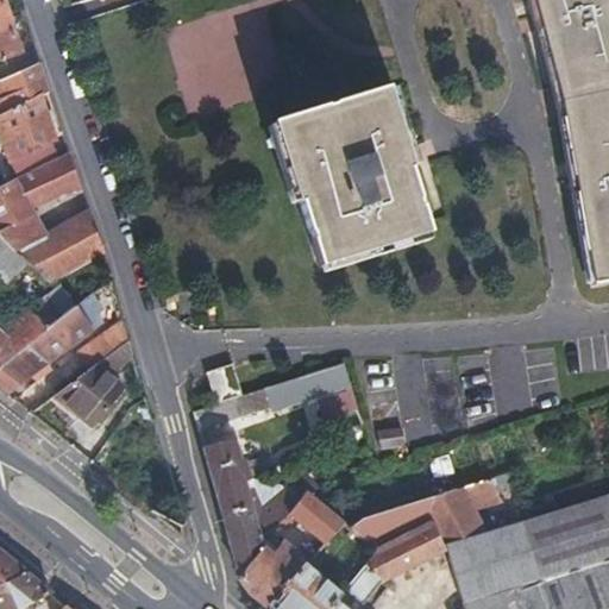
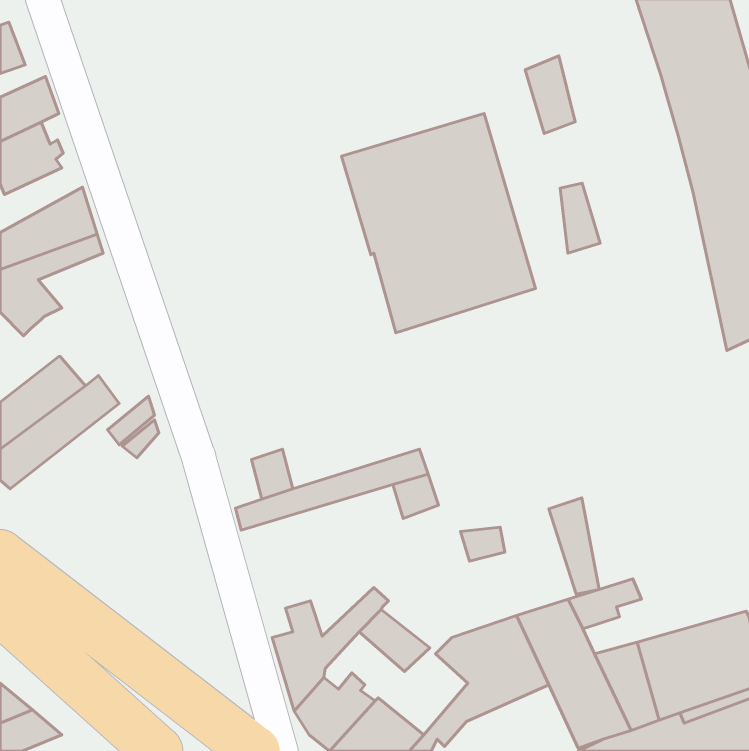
building: none -> [525,56,575,133]
building: none -> [560,183,600,253]
building: [38,231,102,281] -> none
building: [57,365,125,427] -> none
building: none -> [549,498,599,594]
building: [203,438,253,515] -> none

